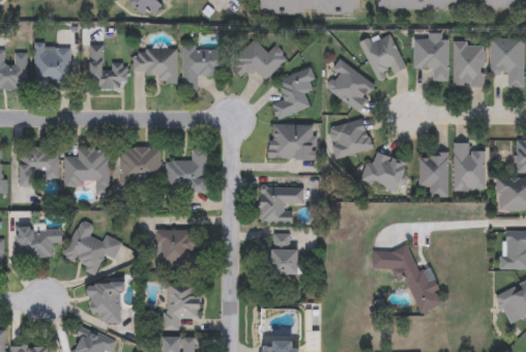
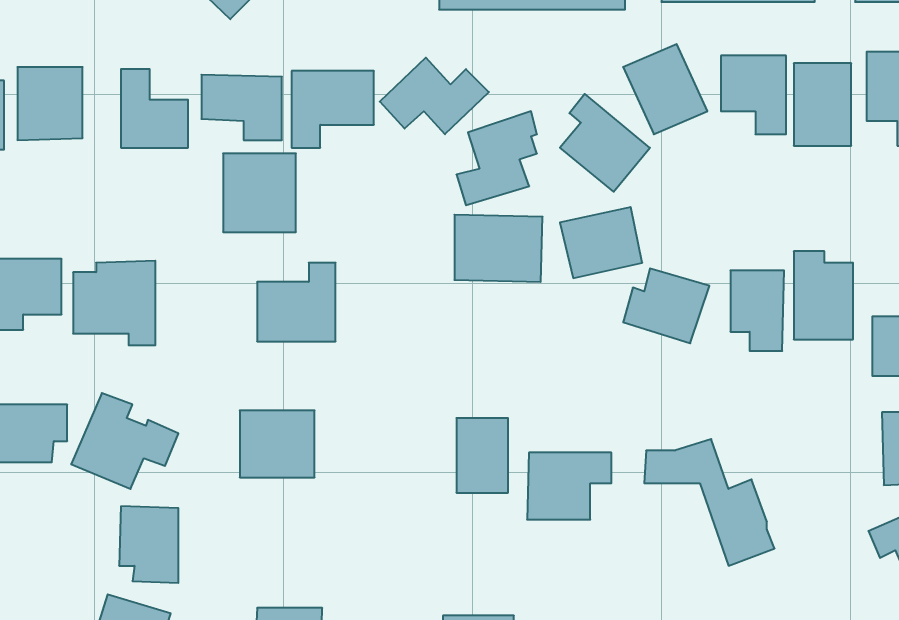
building: [120,147,159,189] -> [223,153,296,232]
building: [259,186,304,223] -> [527,453,611,520]
building: [164,284,202,328] -> none

